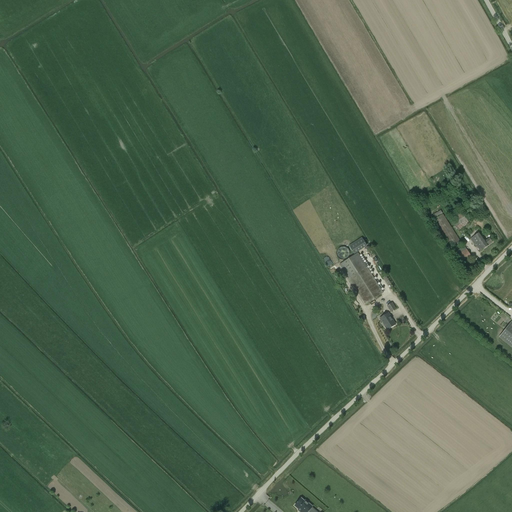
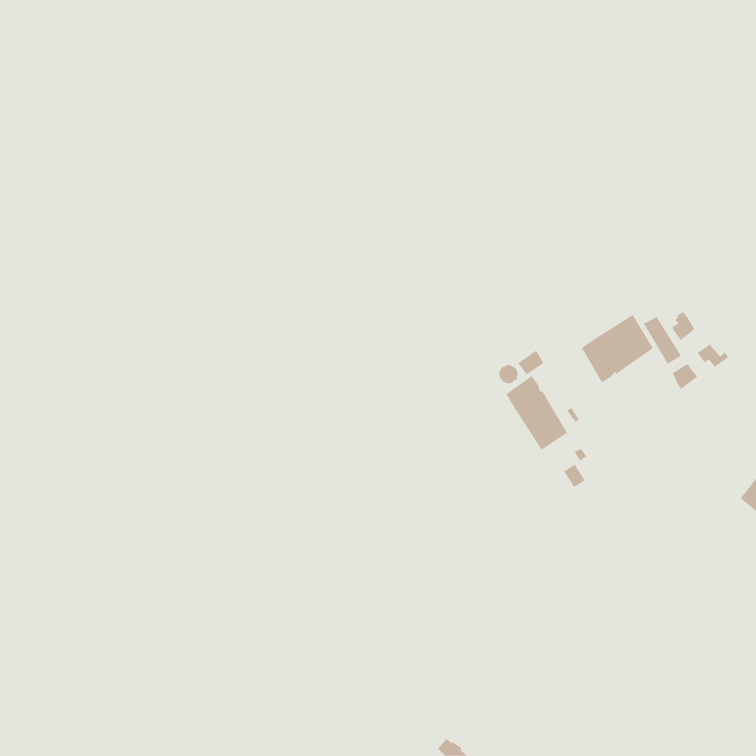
building: none -> [581,314,654,383]

